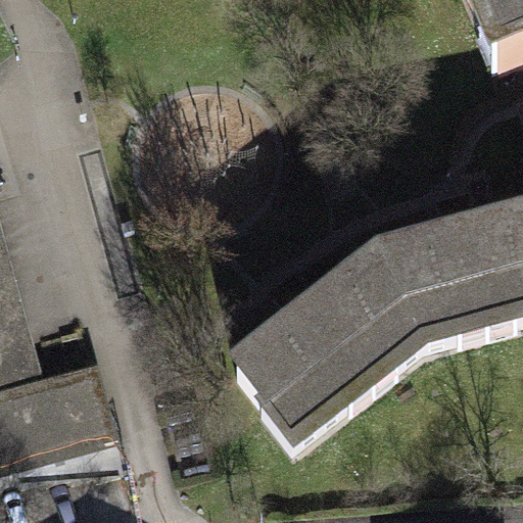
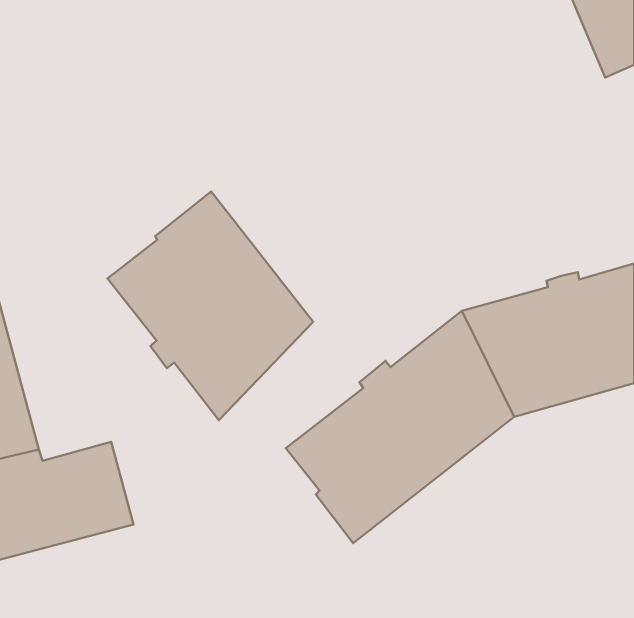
building: none -> [107,192,313,420]

